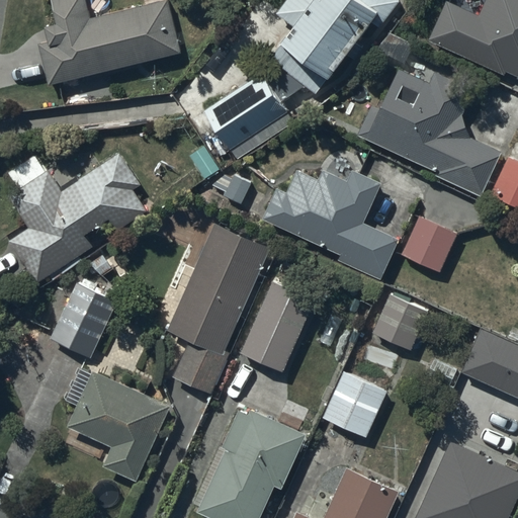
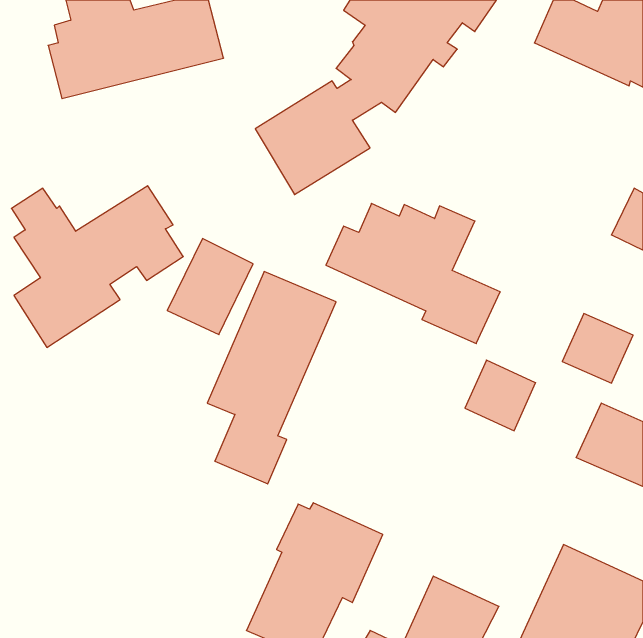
building: [356,69,501,196] -> none
building: [401,217,457,272] -> [562,314,633,383]
building: [240,281,316,371] -> none
building: [49,282,117,359] -> [167,239,253,335]
building: [65,369,171,481] -> none
building: [322,371,387,439] -> none

